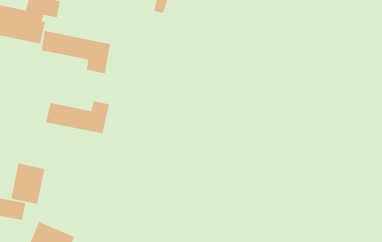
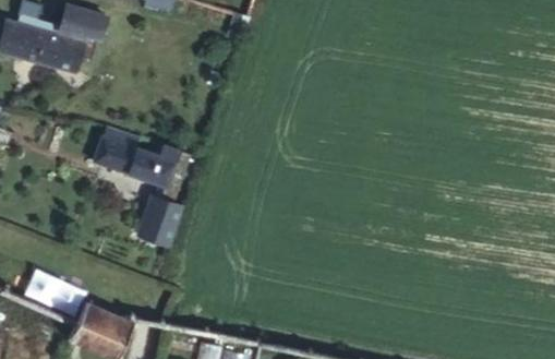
building: [41,30,111,74] -> none
building: [11,163,45,204] -> [135,196,181,251]

